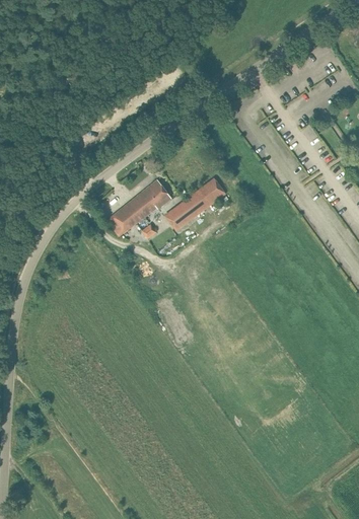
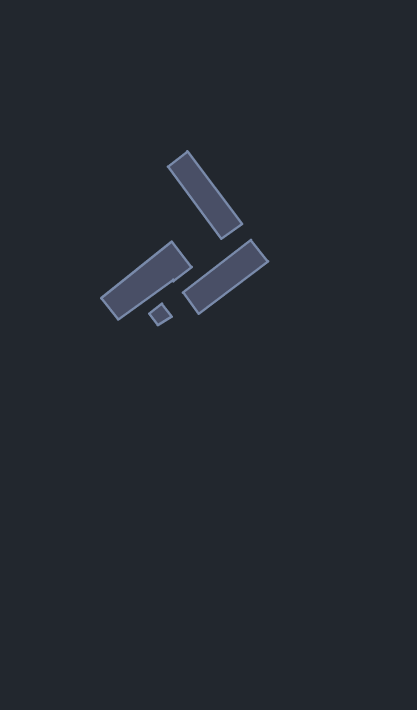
building: none -> [168,151,242,239]

